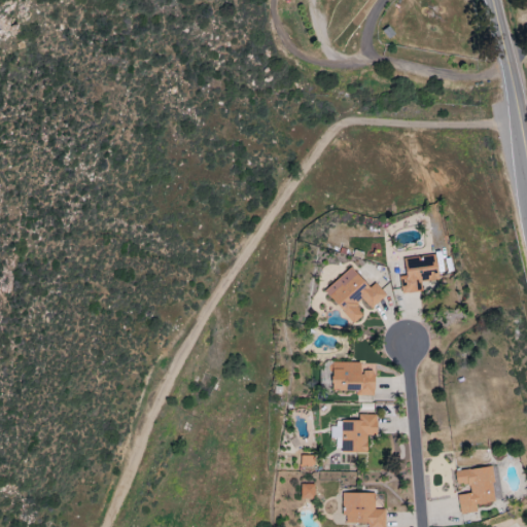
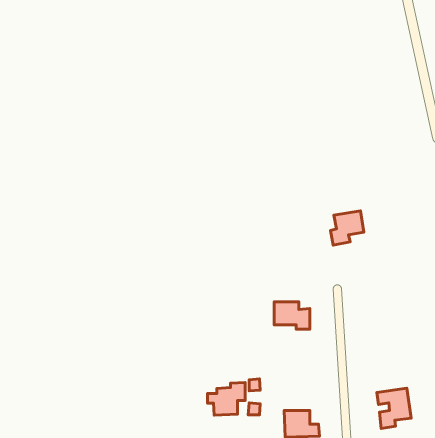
building: [326,267,388,323] -> none
building: [332,414,378,453] -> [207,382,245,415]

